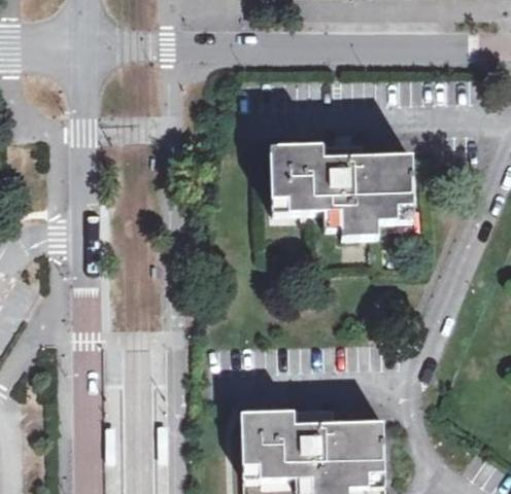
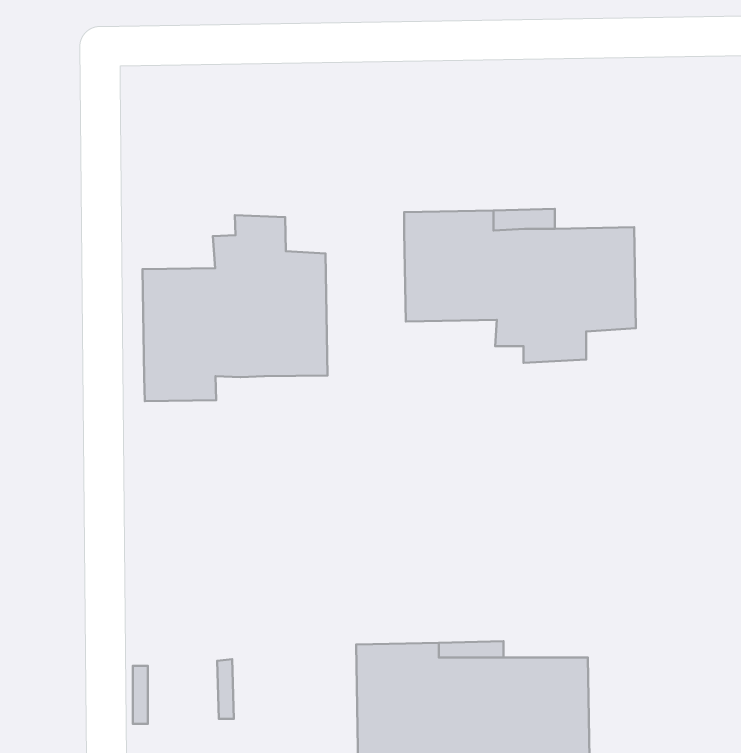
building: none -> [143,215,328,401]

